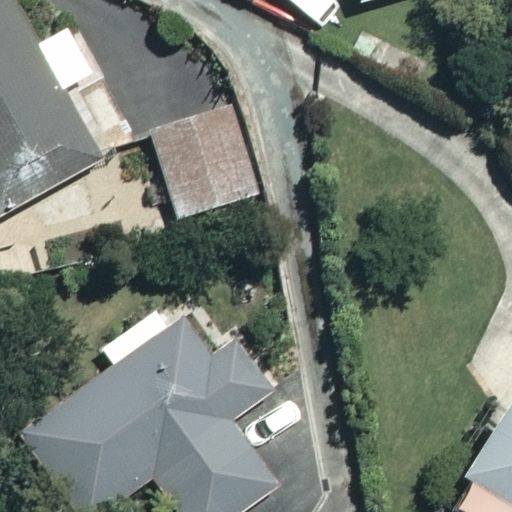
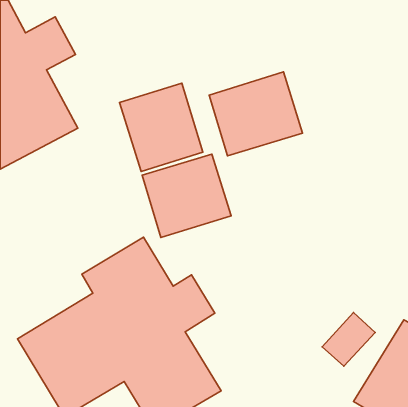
building: none -> [209,72,302,156]
building: none -> [142,154,231,237]

